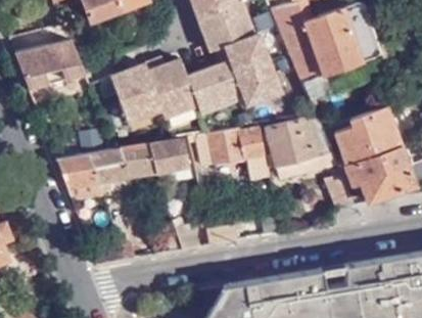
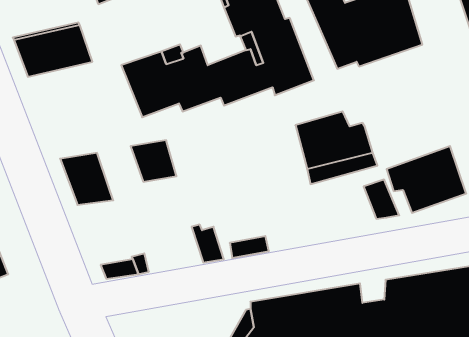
building: [335,108,402,168] -> none
building: [200,127,271,182] -> none
building: [151,140,190,174] -> none
building: [89,147,133,190] -> none

